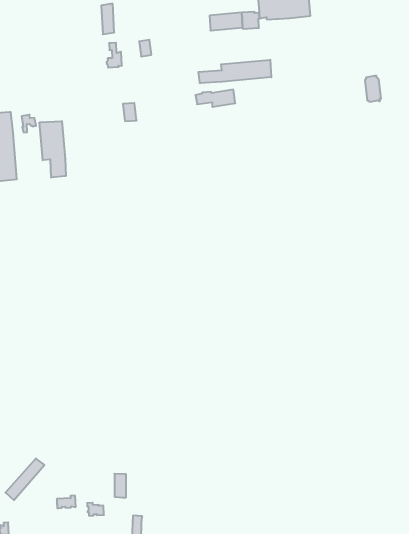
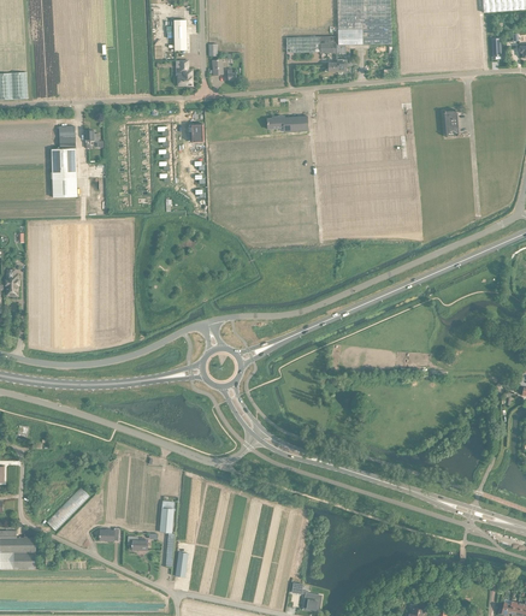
building: [198,60,271,83] -> none
building: [40,121,66,178] -> none

